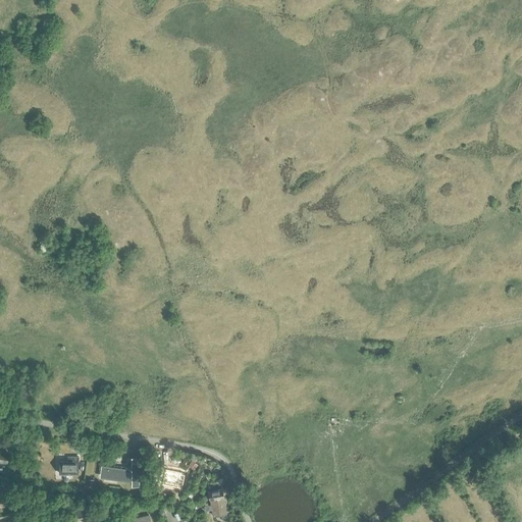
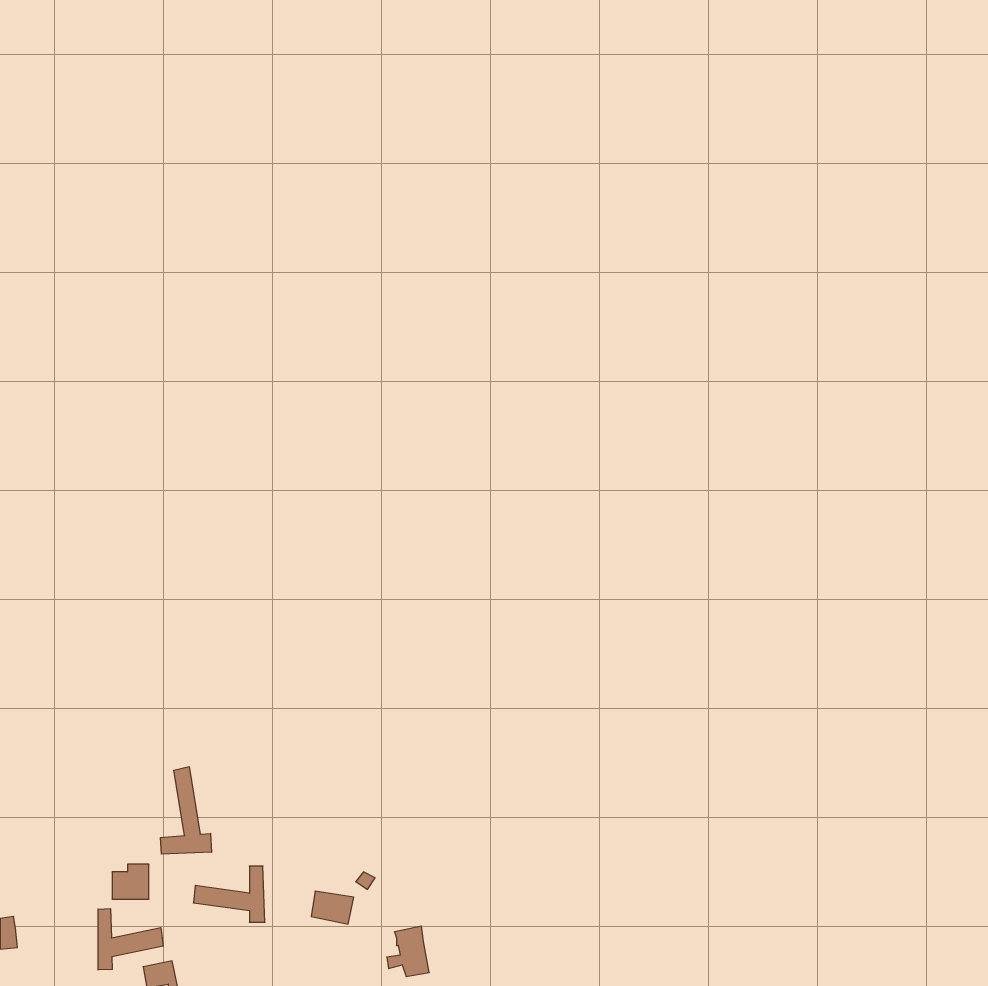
building: none -> [160,767,212,854]
building: none -> [98,909,163,970]

